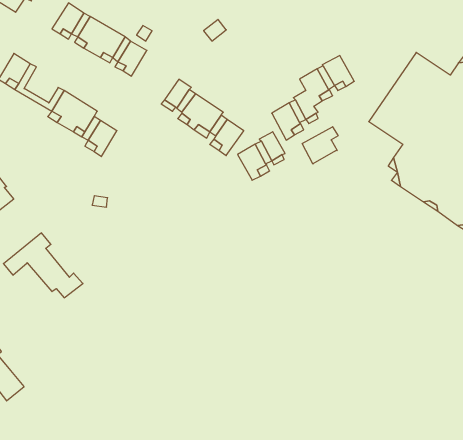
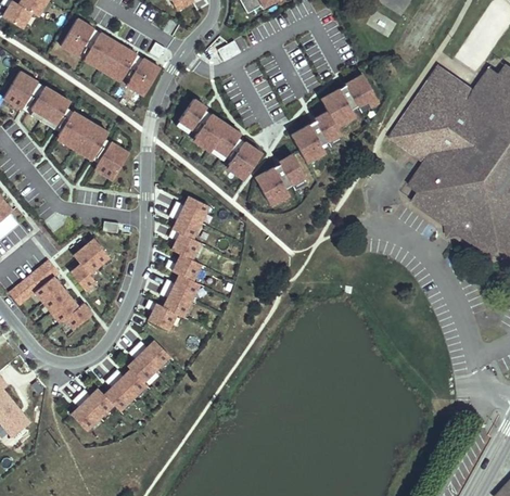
building: none -> [30,85,69,123]
building: [302,127,338,164] -> none
building: none -> [144,194,208,329]
building: none -> [69,238,109,290]
building: none -> [71,339,169,435]

